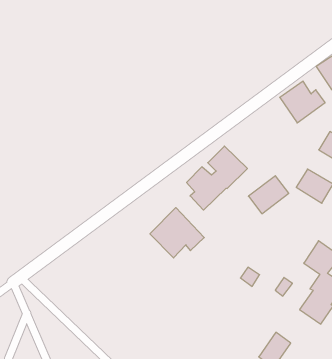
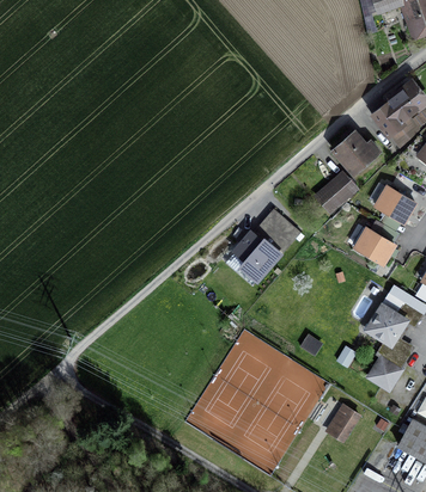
building: [248,176,289,214] -> [314,172,357,214]
building: [150,208,204,258] -> none

